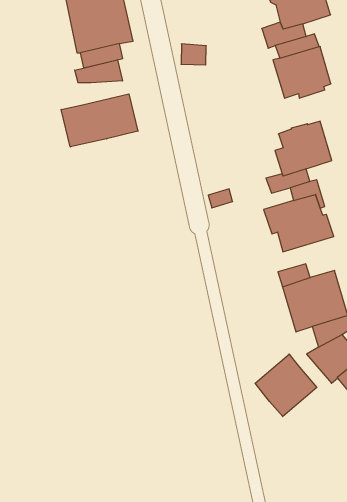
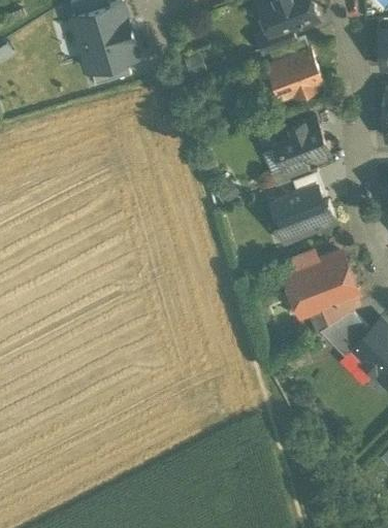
building: [75,60,122,83] -> none
building: [61,94,138,147] -> none
building: [255,354,317,417] -> none

